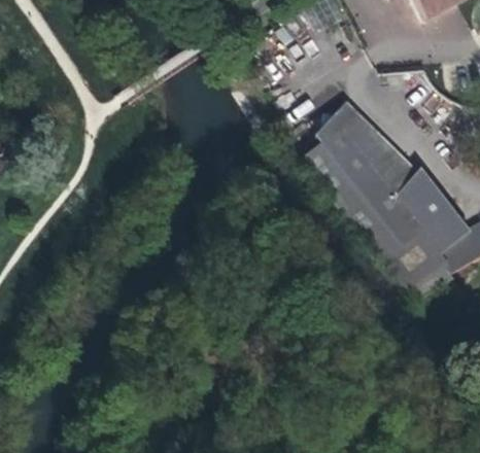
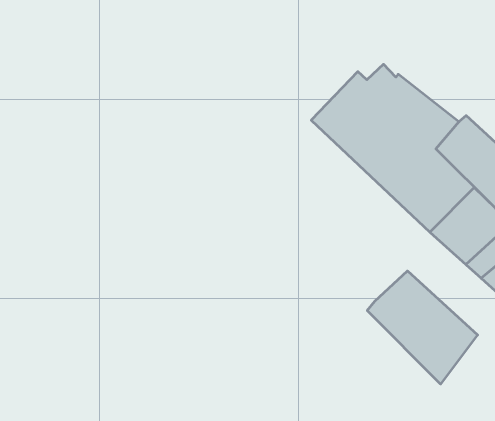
building: [318,96,368,140] -> none
building: none -> [367,271,478,384]

